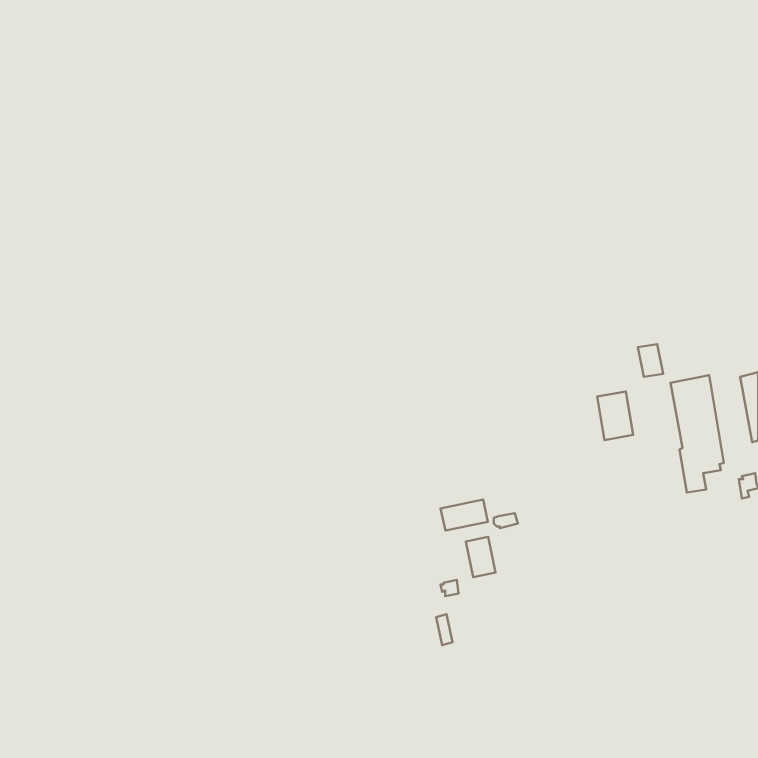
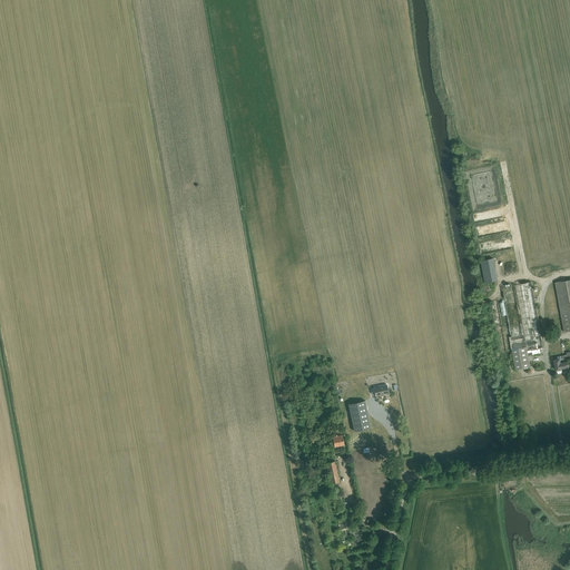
building: [597,392,633,440] -> none
building: [441,500,488,531] -> none

